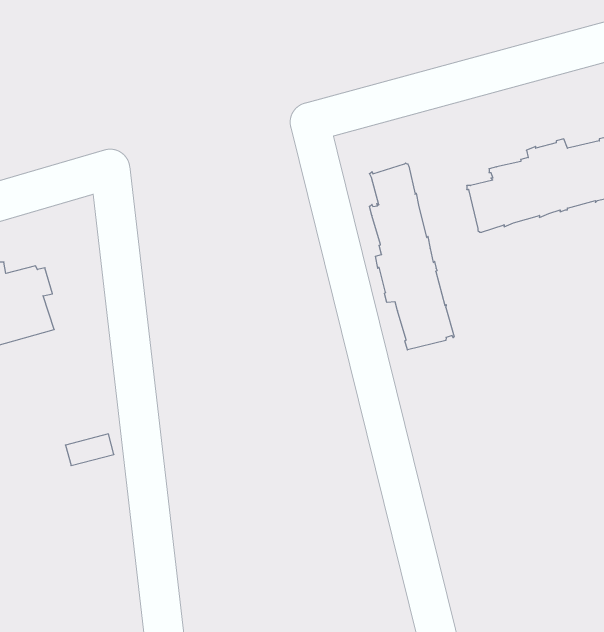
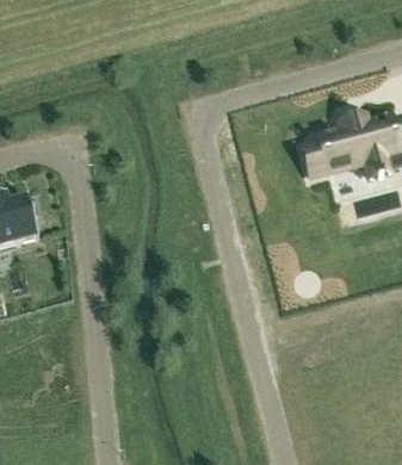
building: [369,163,454,350] -> none

